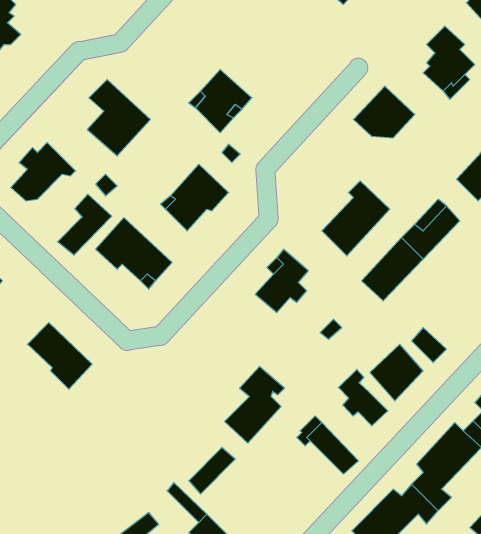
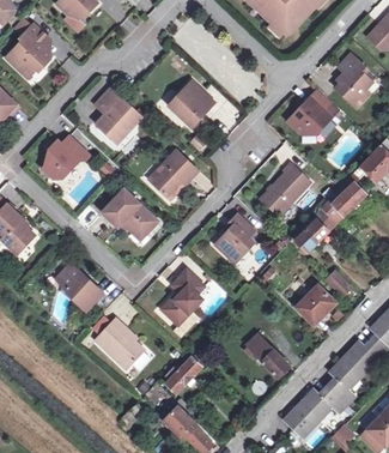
building: [58,194,112,255] -> none
building: [225,366,284,443] -> [160,271,203,326]
building: [338,369,388,426] -> none
building: none -> [95,321,142,370]

